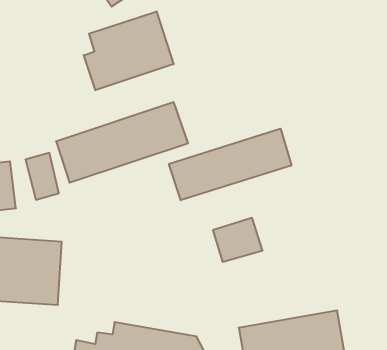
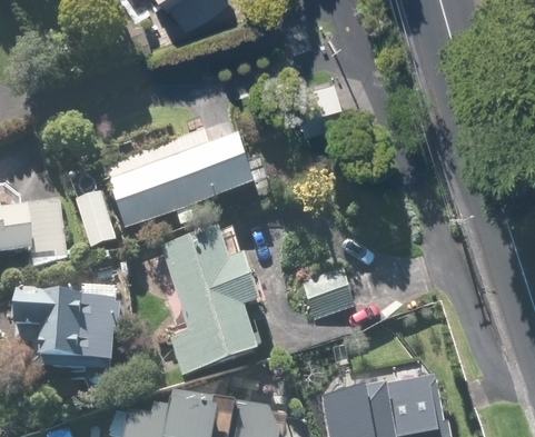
building: [84,11,174,90] -> none
building: [169,129,291,200] -> none
building: none -> [159,225,265,373]

